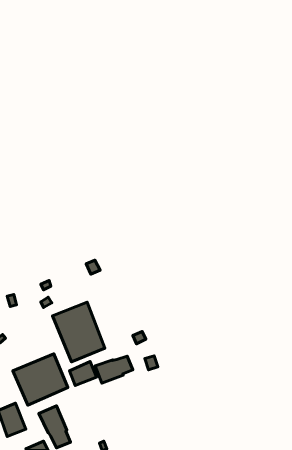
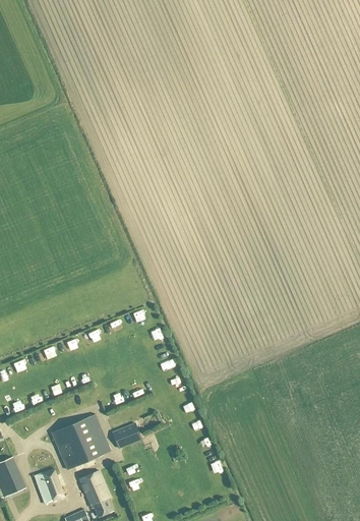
building: [52,302,105,362] -> none
building: [95,356,133,383] -> none

